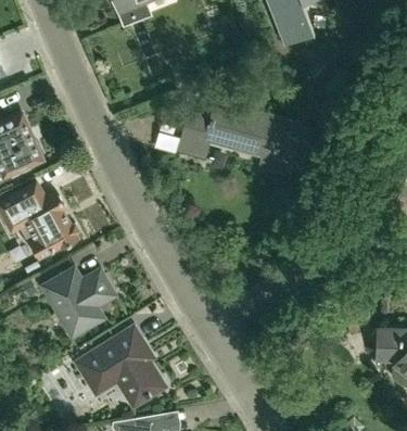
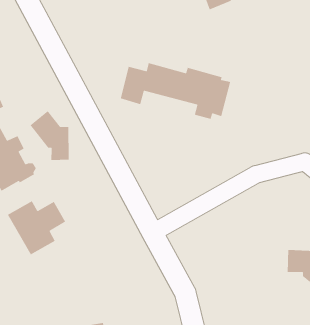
building: none -> [30,110,69,161]
building: [77,328,163,404] -> none

